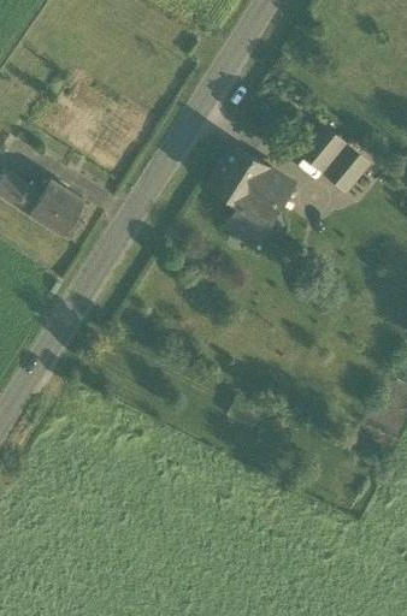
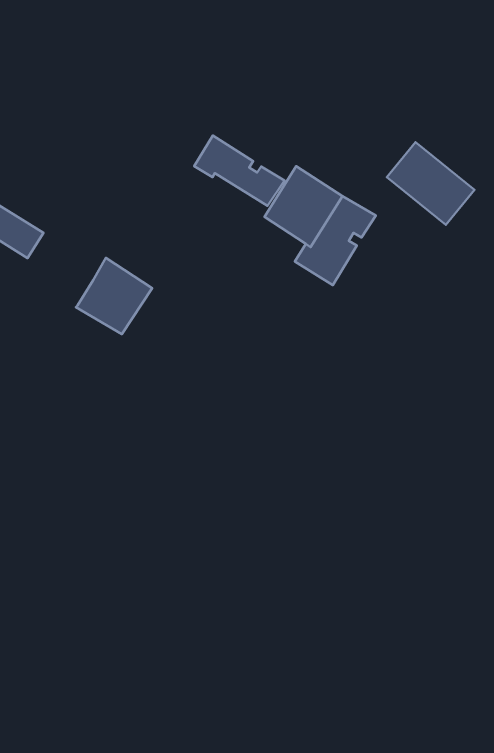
building: none -> [194,136,285,206]
building: [30,179,88,237] -> [76,258,152,334]

